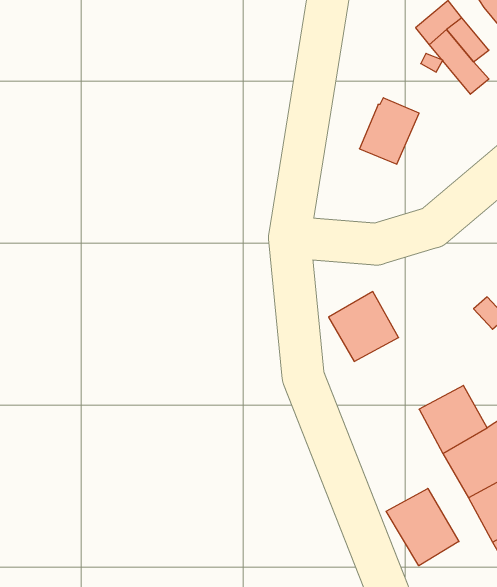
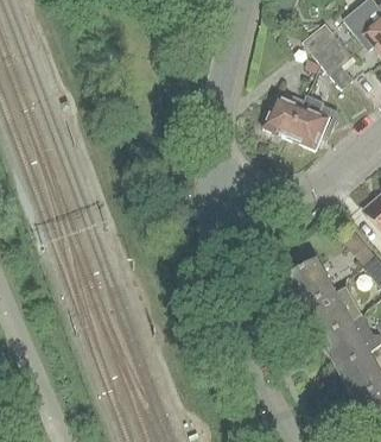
building: none -> [288,95,338,147]
building: [329,292,399,361] -> [286,259,335,308]
building: [386,488,459,566] -> none

